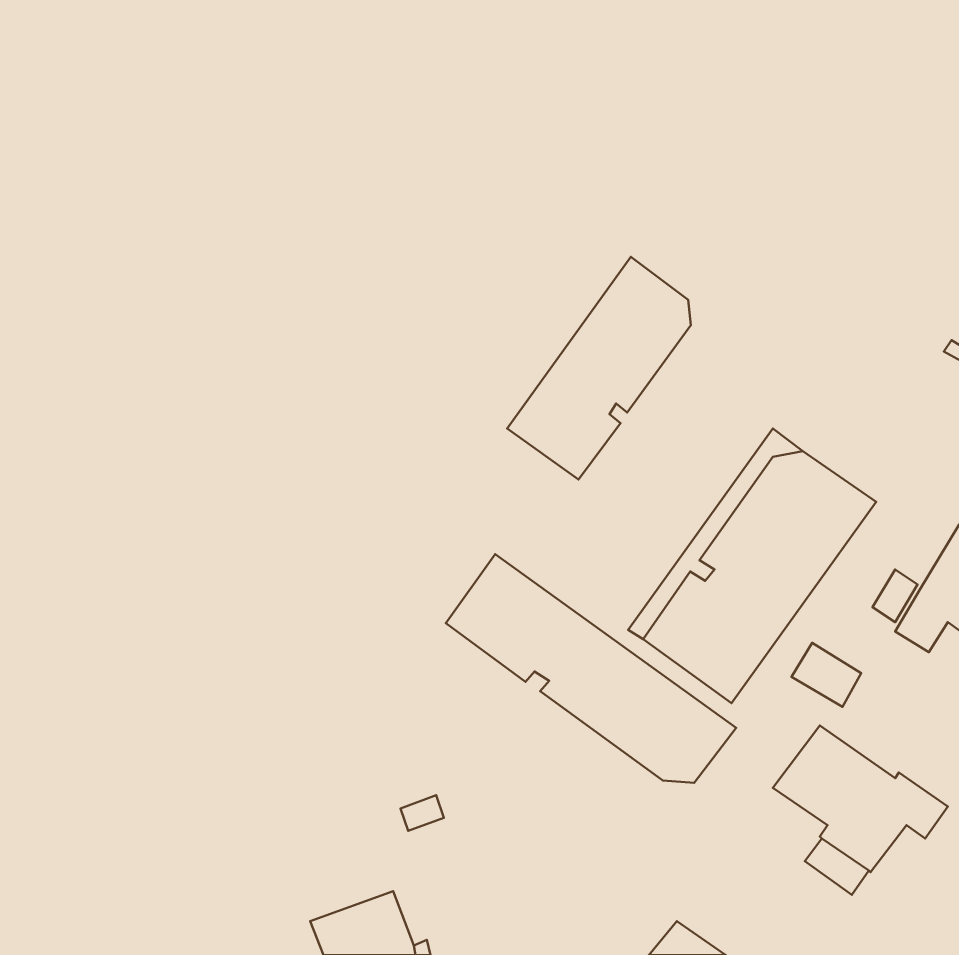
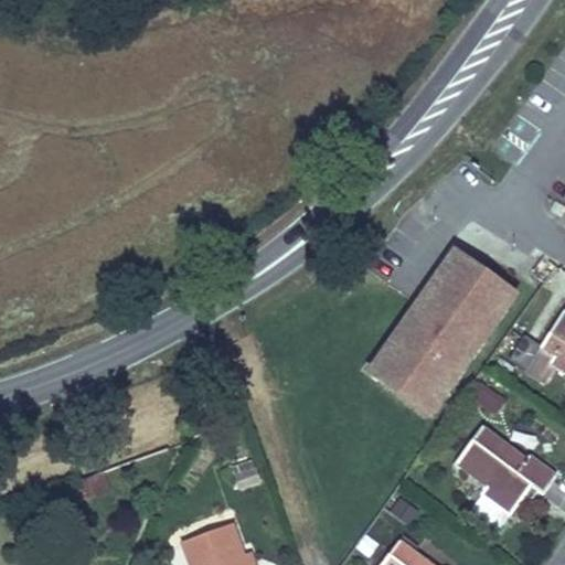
building: [507,257,691,480] -> none
building: [446,554,736,783] -> none

